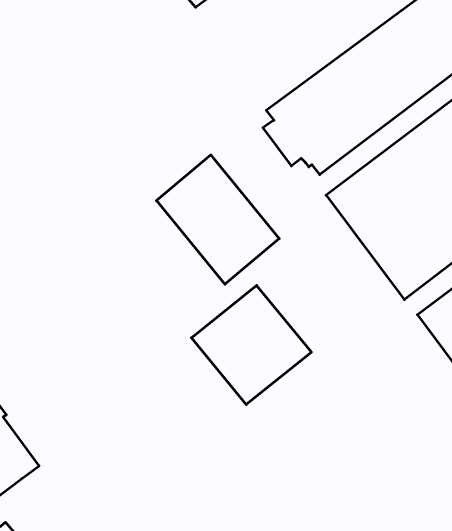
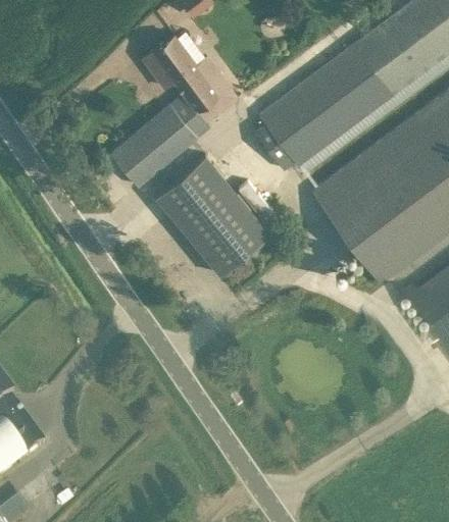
building: none -> [112,33,237,184]
building: [191,285,311,405] -> none

